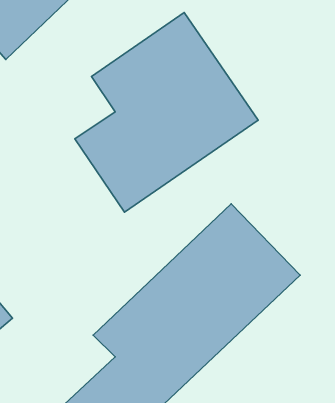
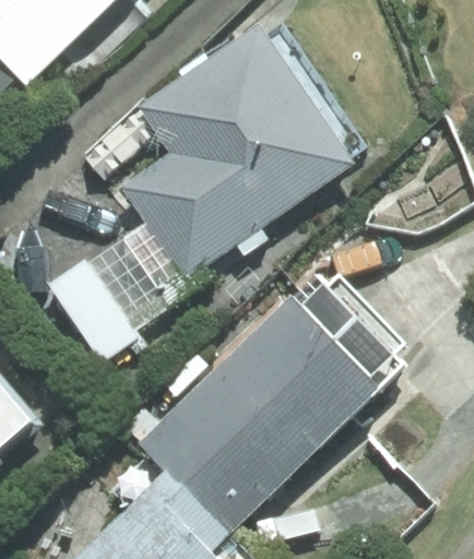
building: none -> [38,235,167,366]

